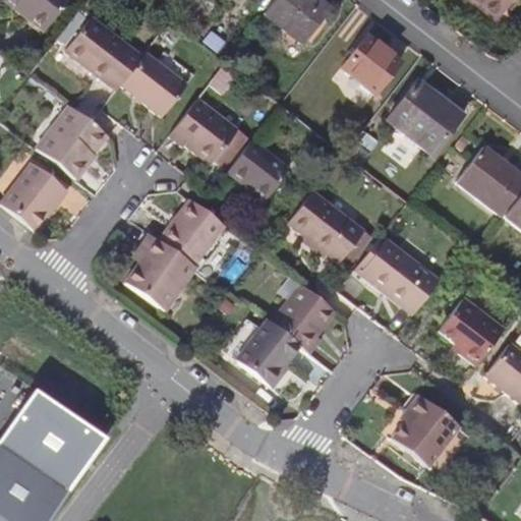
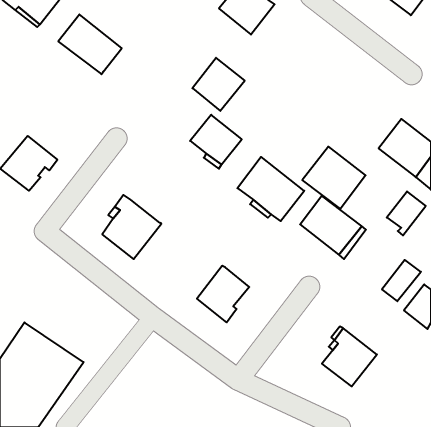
building: [340,32,401,92] -> none
building: [124,52,191,118] -> none
building: [386,77,462,153] -> [302,147,366,209]
building: [172,97,235,161] -> [192,58,245,111]
building: [39,110,110,181] -> none
building: [158,199,225,269] -> none
building: [272,285,335,352] -> none
building: [441,296,487,349] -> [387,191,426,235]

